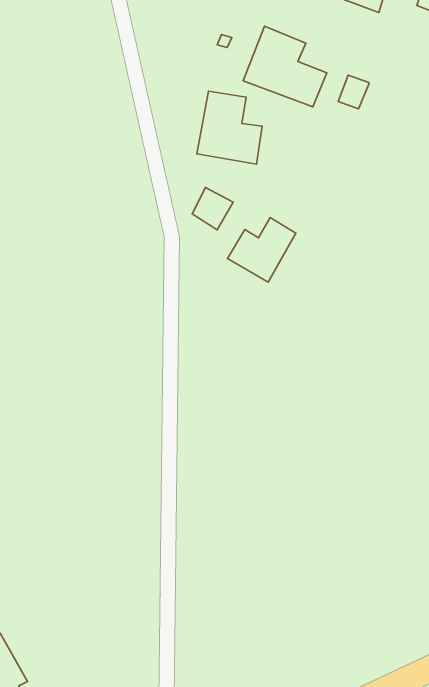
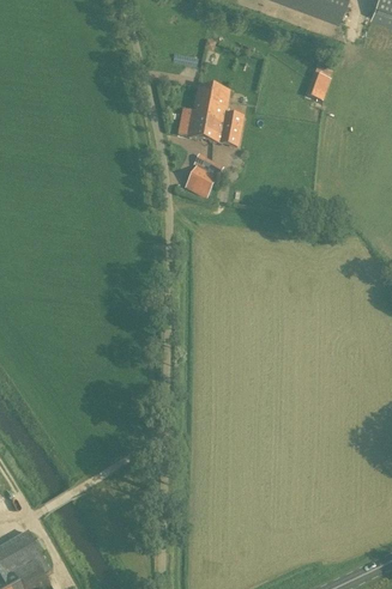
building: [243,26,327,107] -> none
building: [227,218,296,282] -> none

